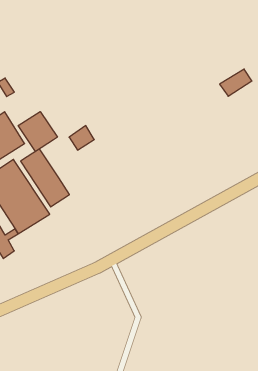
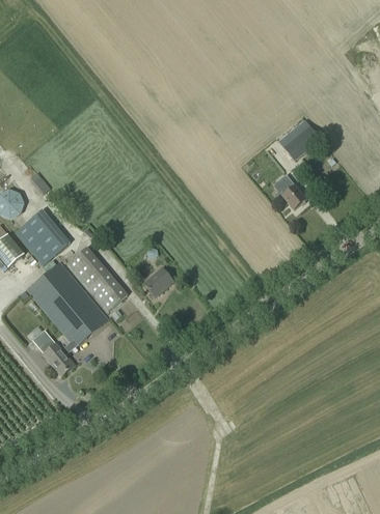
building: [18,112,57,152] -> none
building: none -> [276,178,306,209]
building: [69,126,94,150] -> [143,266,172,295]

